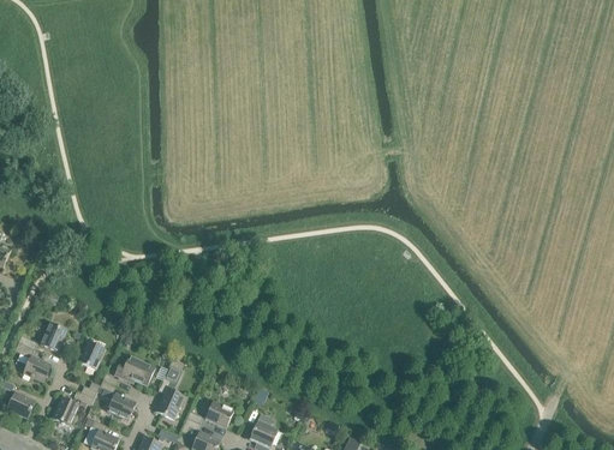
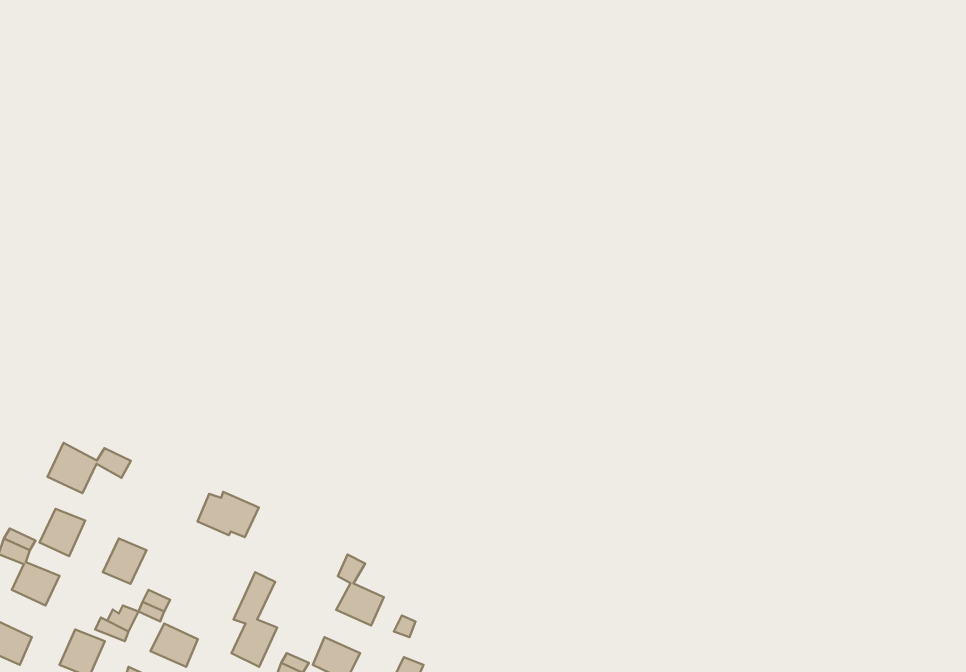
building: none -> [47,443,131,493]
building: none -> [336,555,384,626]
building: [113,356,150,384] -> [197,492,259,537]

